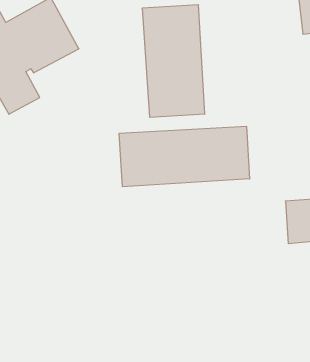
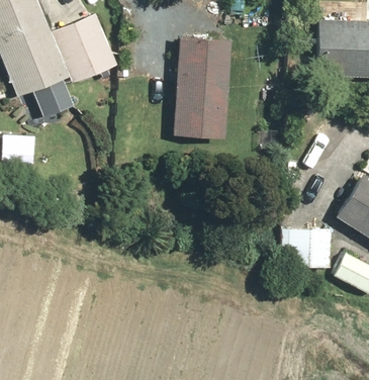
building: [119,126,250,187] -> none

